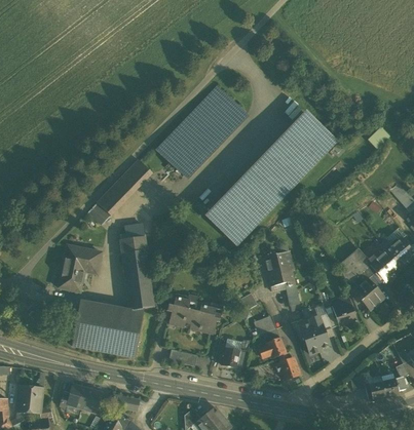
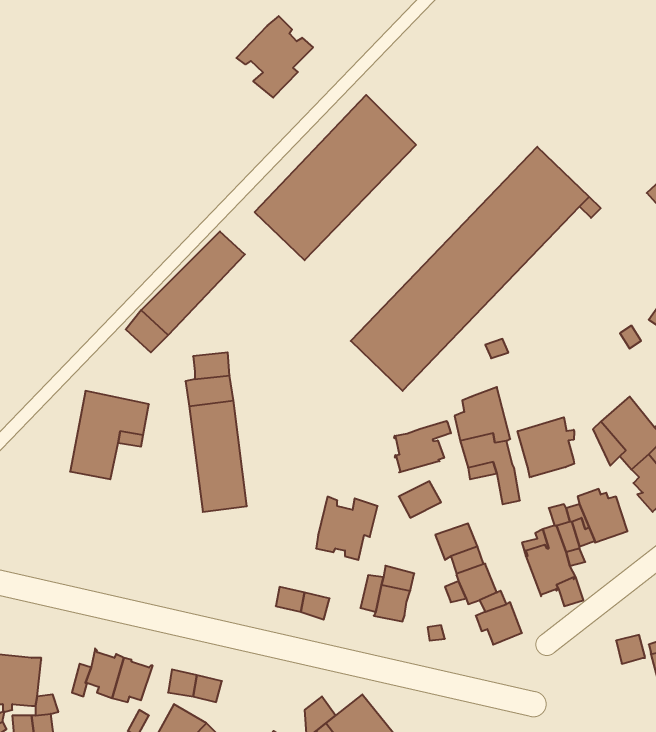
building: none -> [236,16,313,98]
building: none -> [518,417,574,477]
building: none -> [394,421,451,472]
building: [168,292,197,326] -> none
building: [72,305,153,357] -> none

